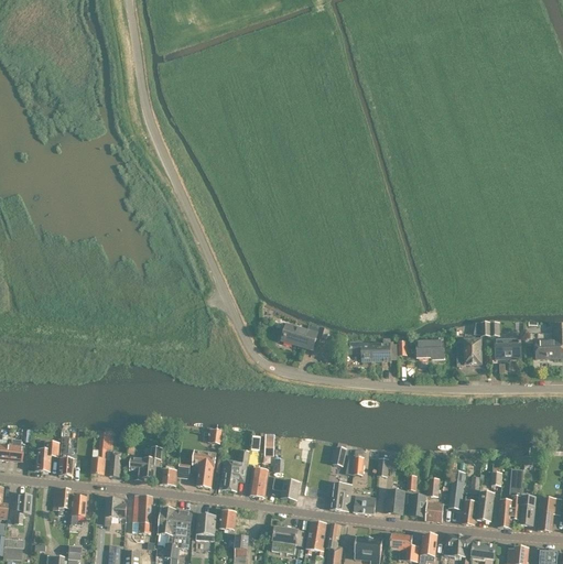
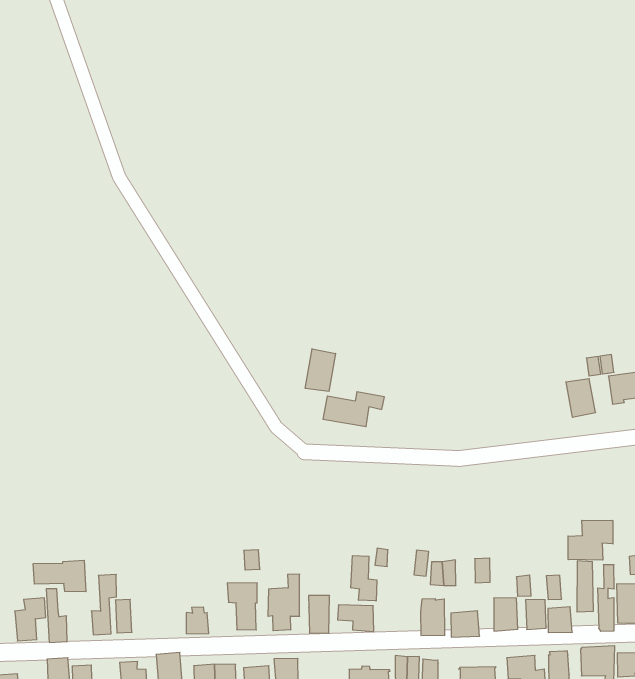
building: none -> [305,349,336,391]
building: [349,338,390,361] -> none
building: [416,340,443,360] -> none
building: none -> [33,560,86,592]
building: none -> [568,520,613,560]
building: none -> [351,556,377,601]
building: [129,451,162,480] -> none

